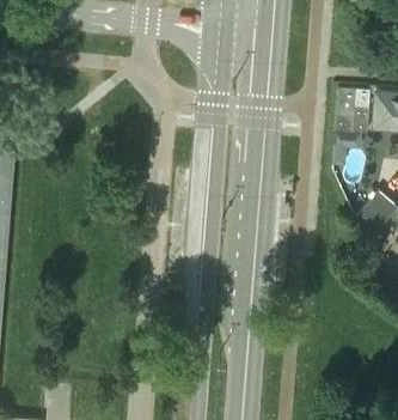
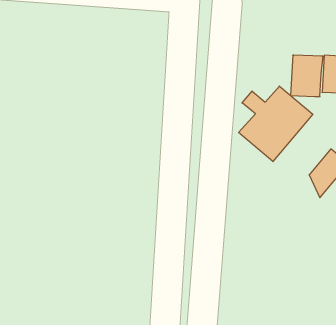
building: none -> [239,86,313,162]

